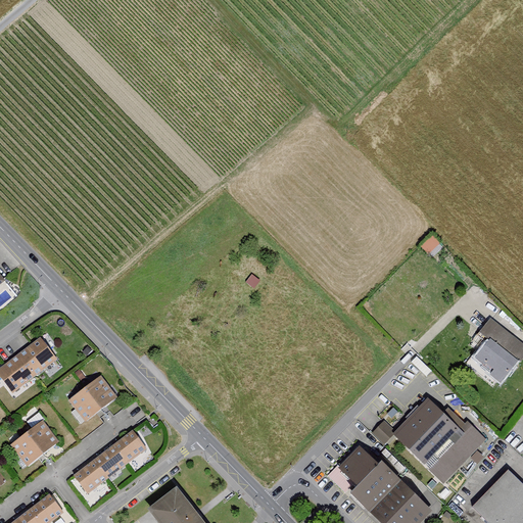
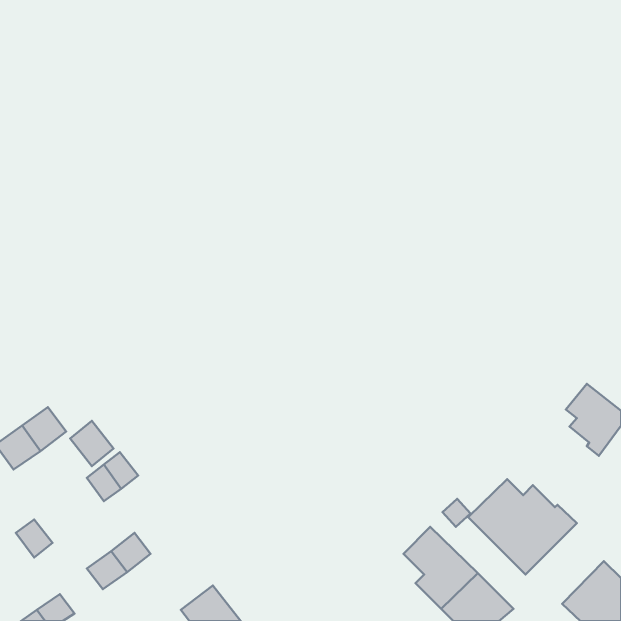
building: none -> [70,421,114,466]
building: [29,423,58,454] -> none
building: [112,432,145,463] -> none

